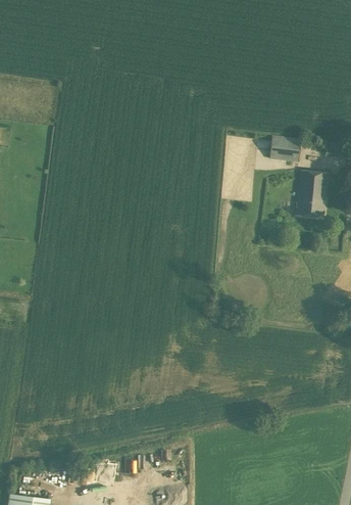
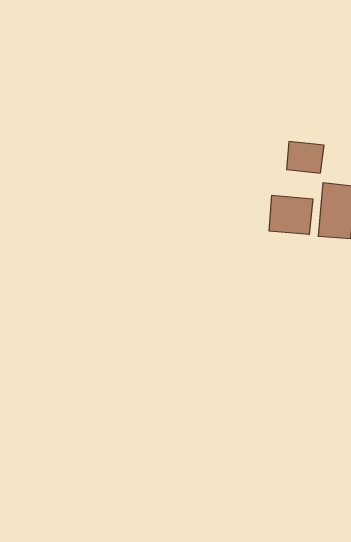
building: none -> [269,195,313,235]

